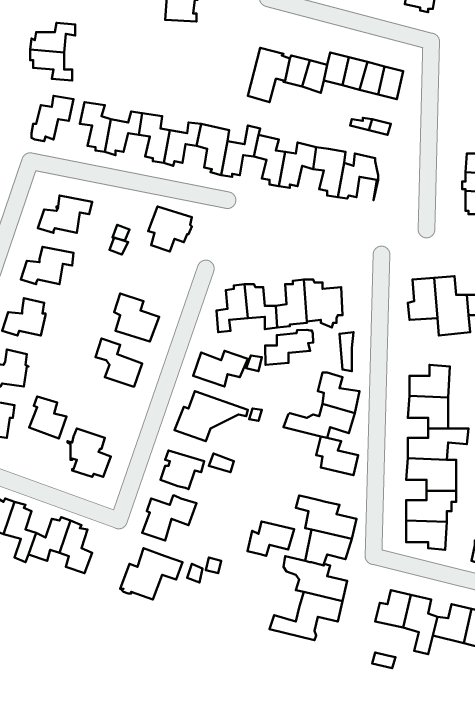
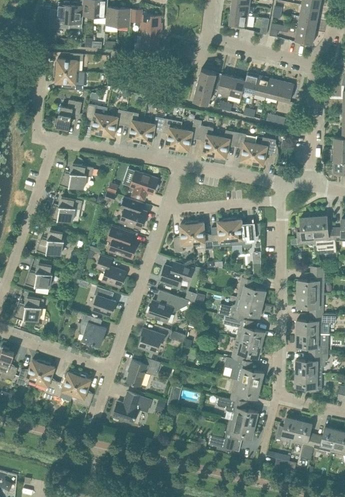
building: none -> [120,195,147,228]
building: [265,330,313,365] -> none
building: [29,396,67,438] -> [92,287,116,314]
building: [248,522,294,556] -> [232,338,262,360]

